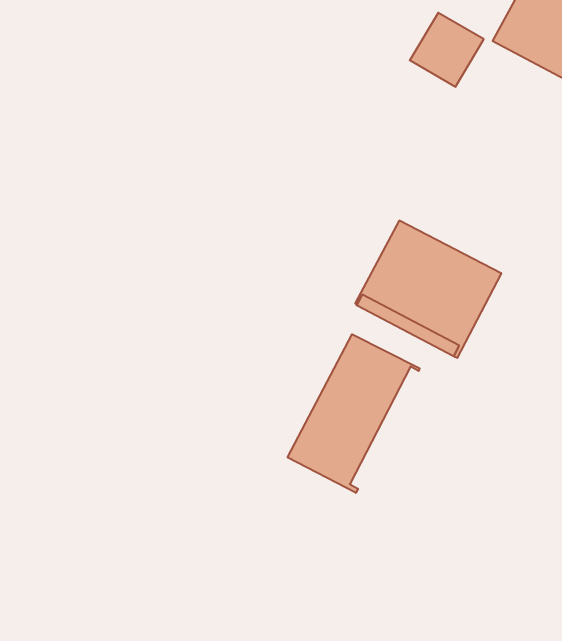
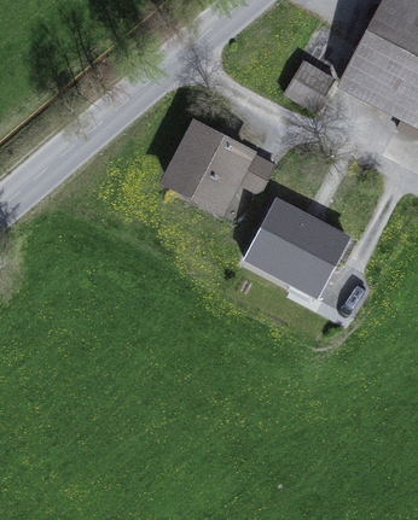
building: none -> [168,125,274,206]
building: [288,334,420,493] -> none

